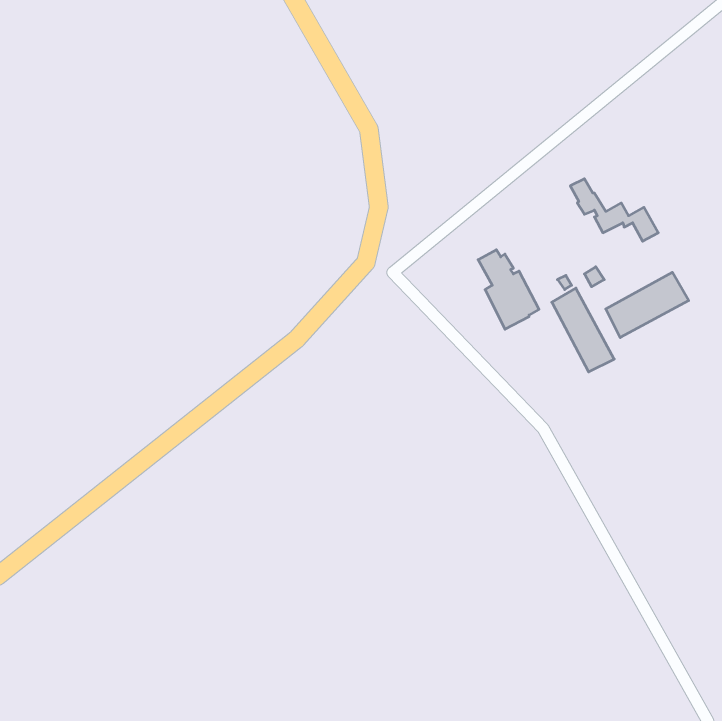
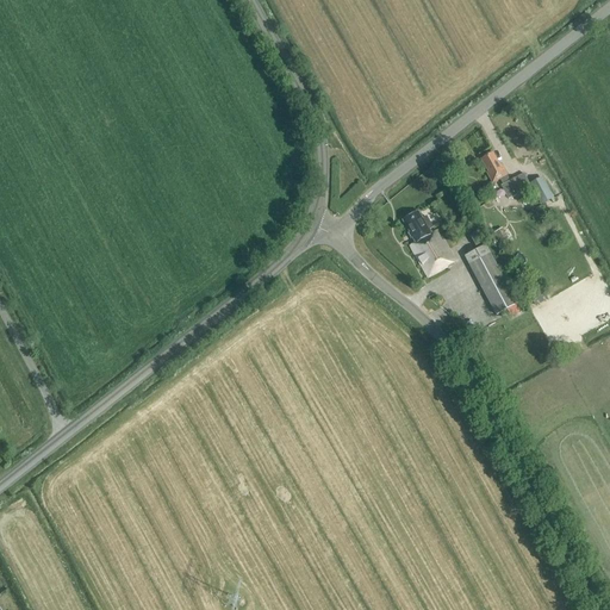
building: [606,272,689,338] -> none

